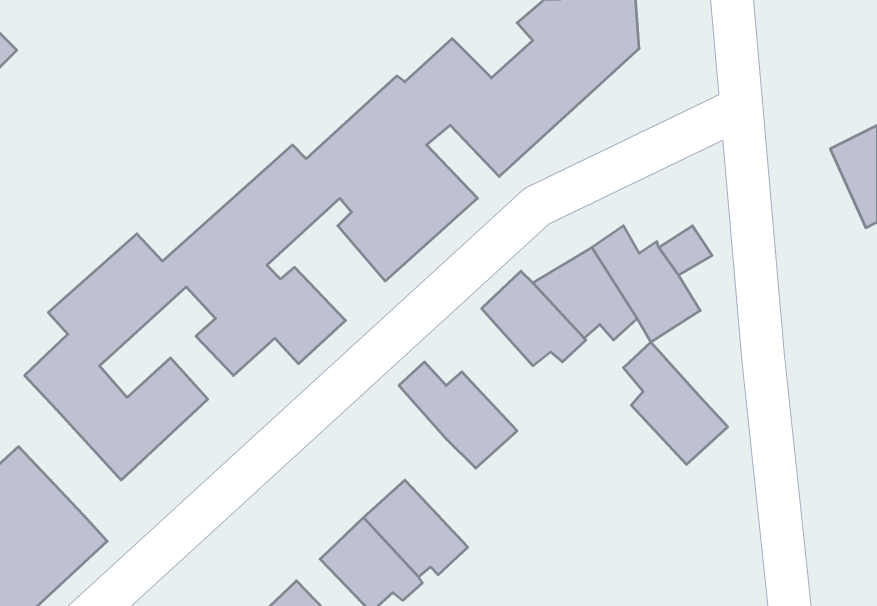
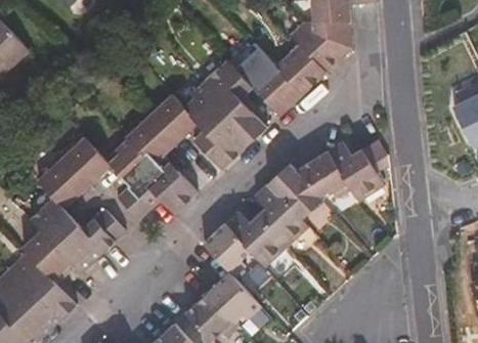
building: [623,342,728,464] -> [255,183,309,247]
building: none -> [203,223,251,276]
building: none -> [29,235,82,291]

